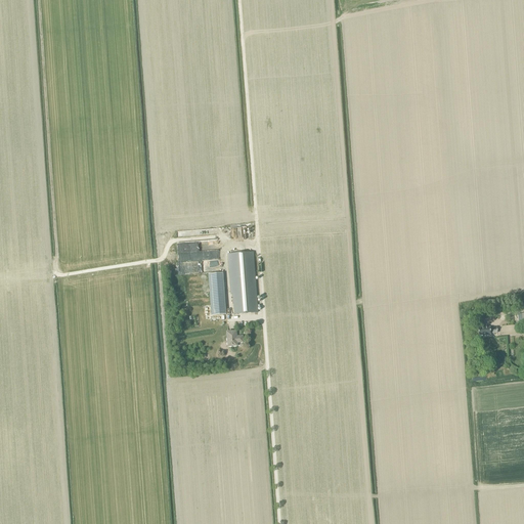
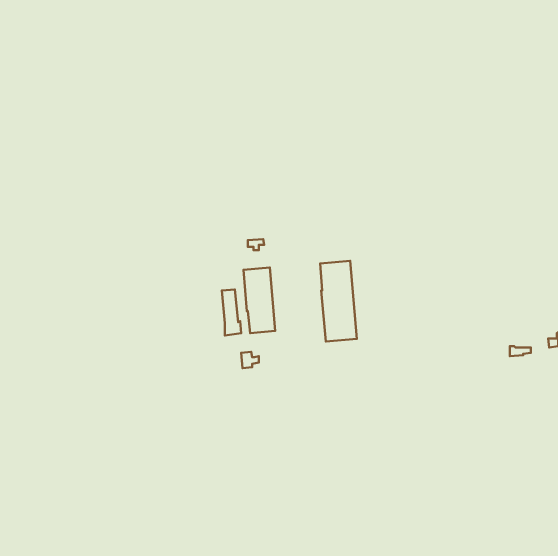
building: none -> [320,261,357,342]

